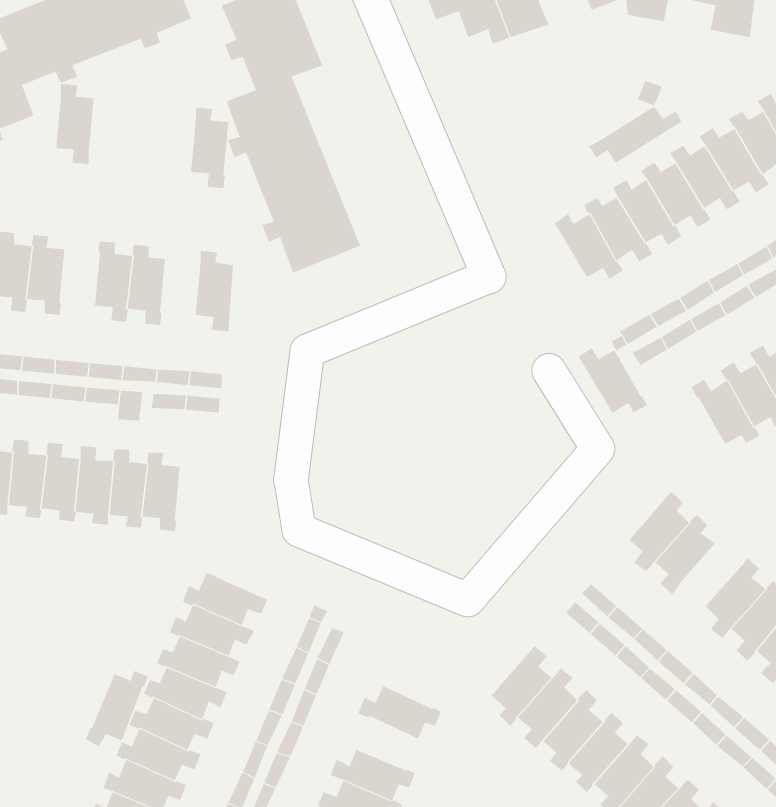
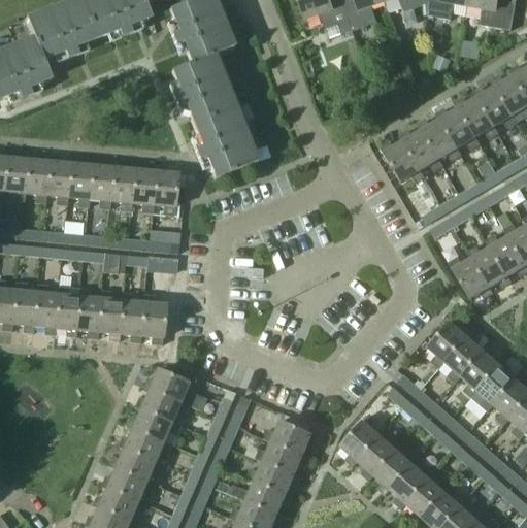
building: [55,83,94,165] -> [67,156,92,207]
building: [589,106,682,164] -> none
building: [190,107,229,188] -> [131,162,156,213]
building: [578,347,648,414] -> [449,256,493,298]
building: none -> [140,293,166,344]
building: none -> [460,344,499,397]
building: none -> [264,421,319,455]
building: [85,670,149,747] -> none
building: none -> [248,460,301,494]

